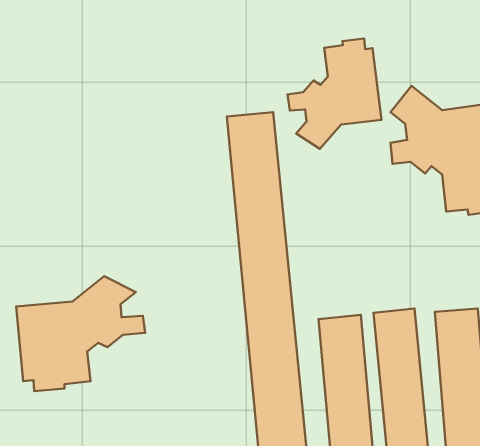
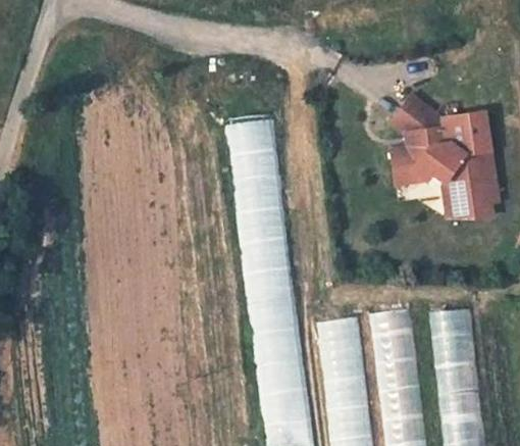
building: [287,38,381,149] -> none
building: [16,276,145,391] -> none

